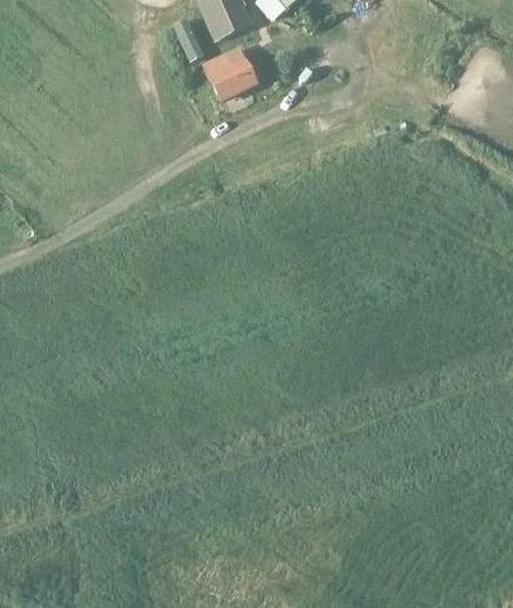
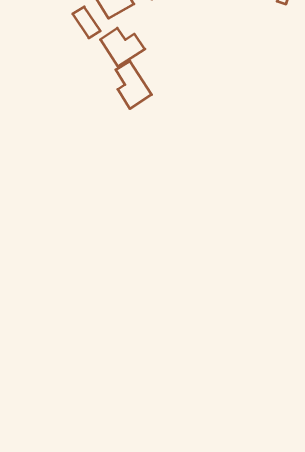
building: none -> [116,61,152,109]

